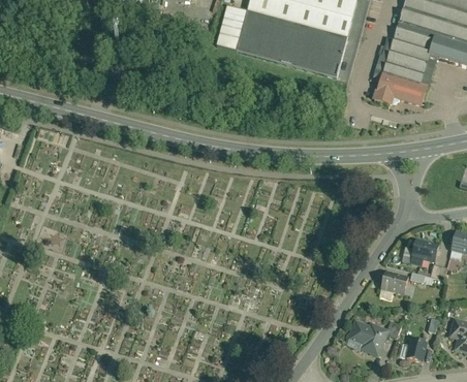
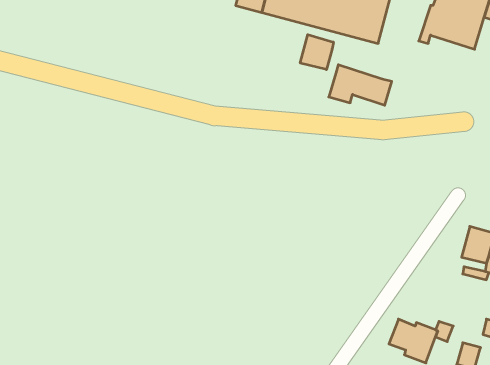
building: none -> [300,35,333,70]
building: [375,69,430,104] -> [329,65,392,105]
building: [380,267,409,292] -> none

